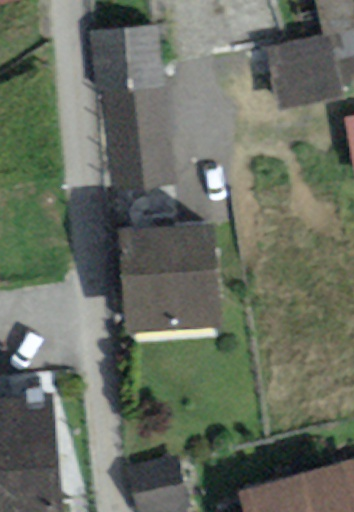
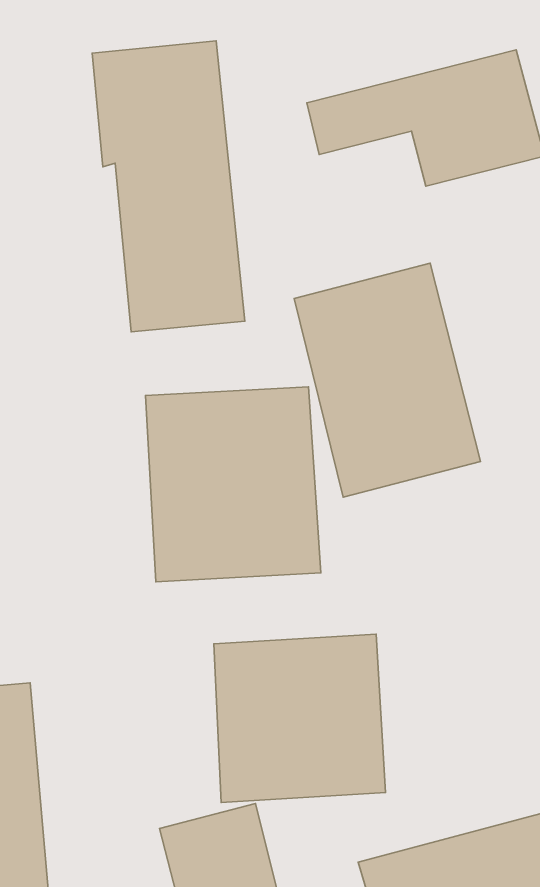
building: none -> [294,263,480,497]
building: none -> [214,634,385,802]

